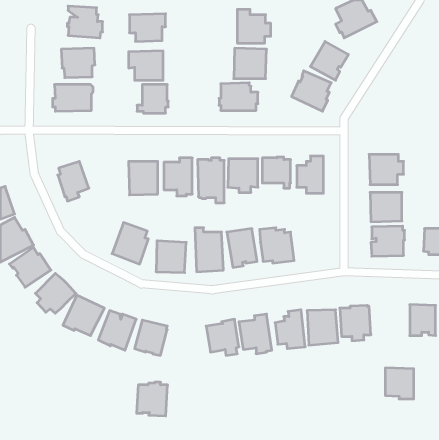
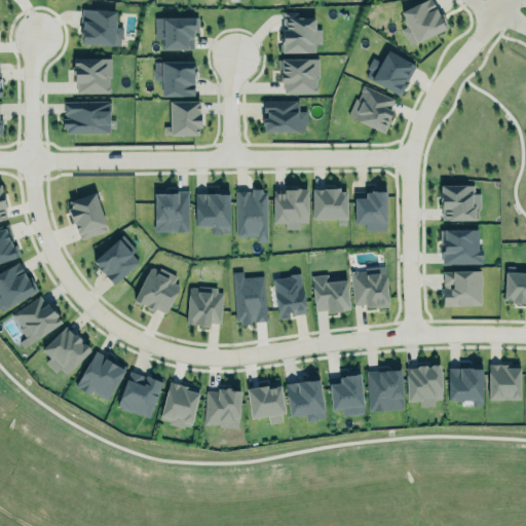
building: none -> [93,236,141,286]
building: none -> [352,266,390,308]
building: [385,368,414,399] -> [449,368,483,405]
building: [137,382,168,416] -> [205,388,242,428]

